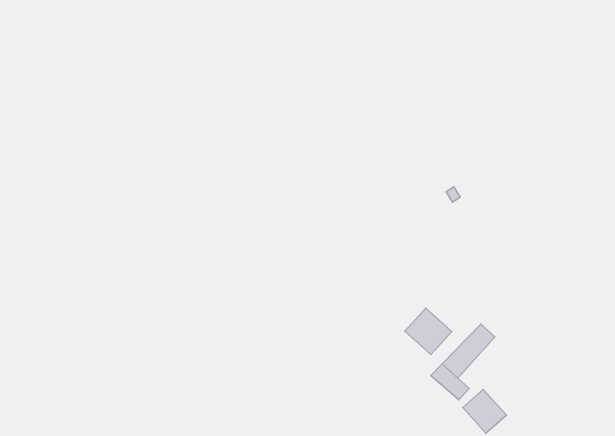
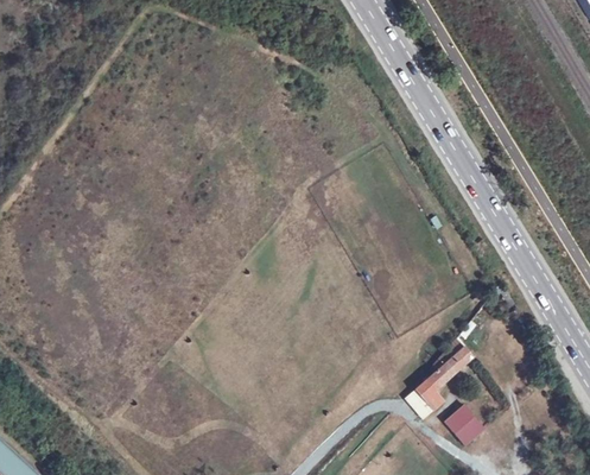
building: [405,308,452,354] -> none

